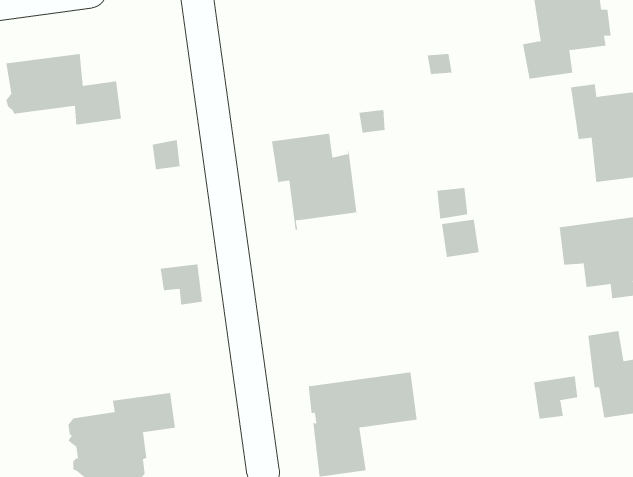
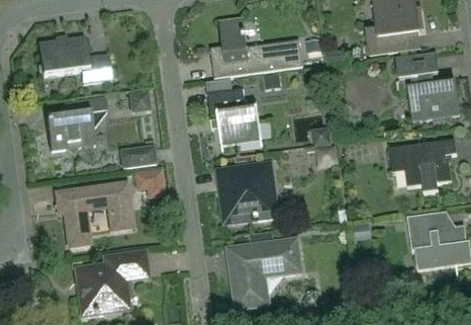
building: none -> [210,18,302,78]
building: none -> [45,98,106,155]
building: none -> [120,146,156,168]
building: none -> [221,163,279,222]
building: none -> [56,183,131,246]
building: [533,376,578,420] -> none

